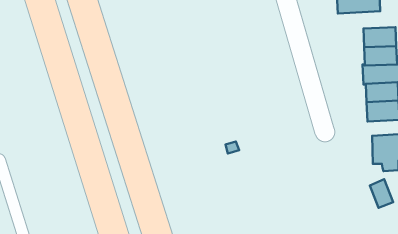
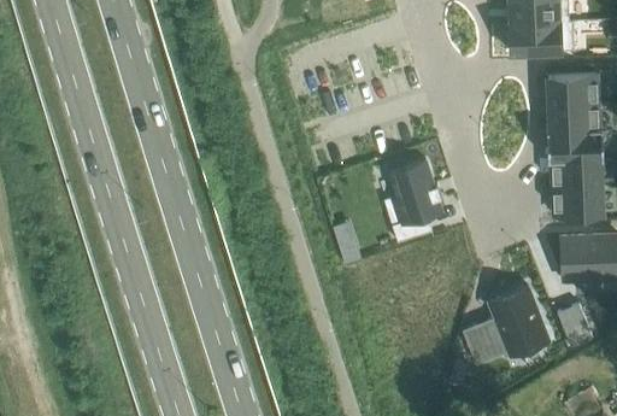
building: none -> [388,158,441,239]
building: none -> [463,285,548,361]

